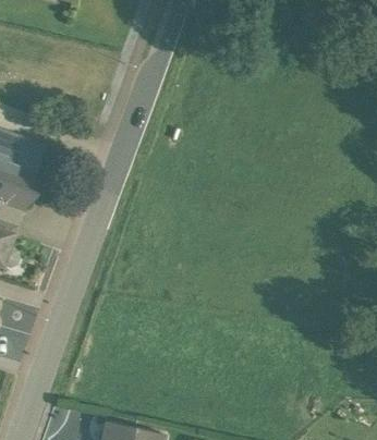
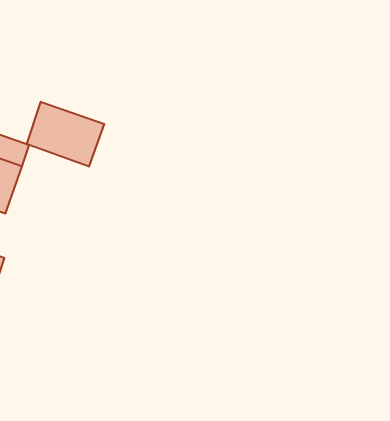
building: none -> [27,102,104,167]

